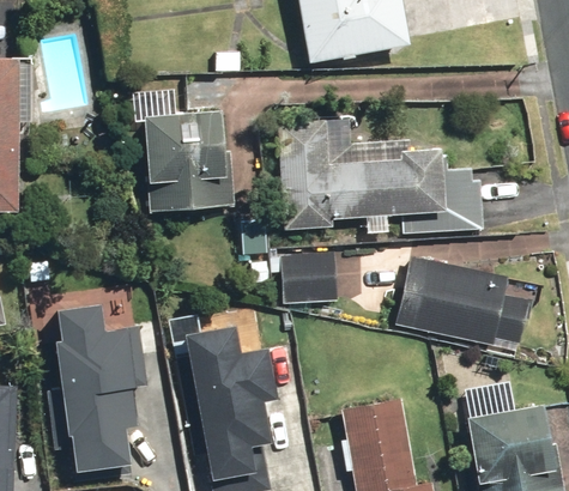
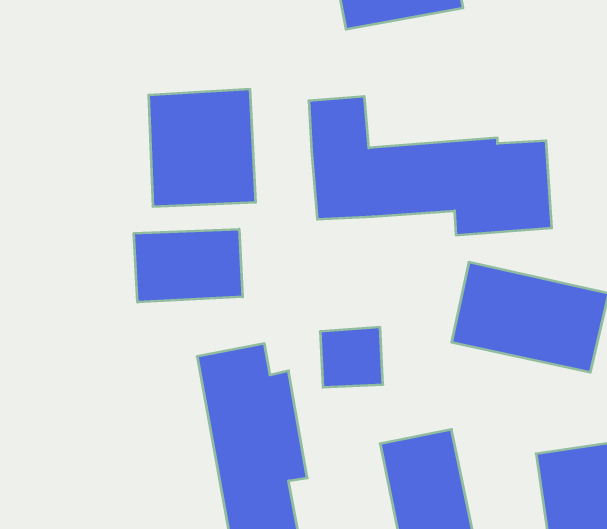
building: none -> [134,229,243,302]
building: [285,250,338,301] -> [320,327,383,387]
building: [49,308,143,471] -> none

